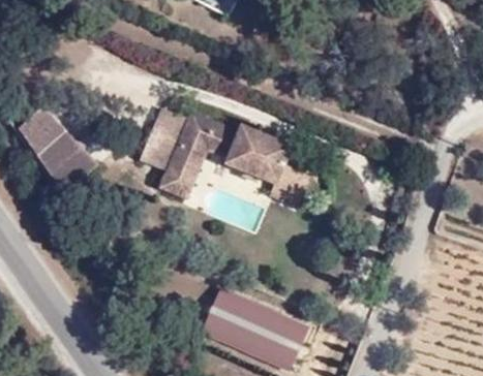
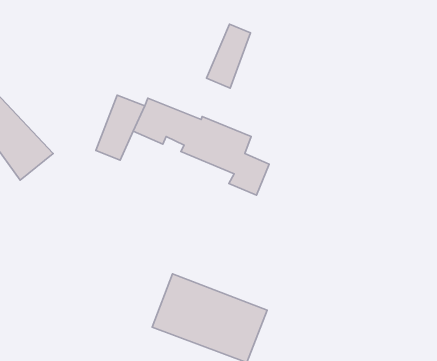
building: none -> [207,24,250,88]
building: [158,144,206,199] -> none

